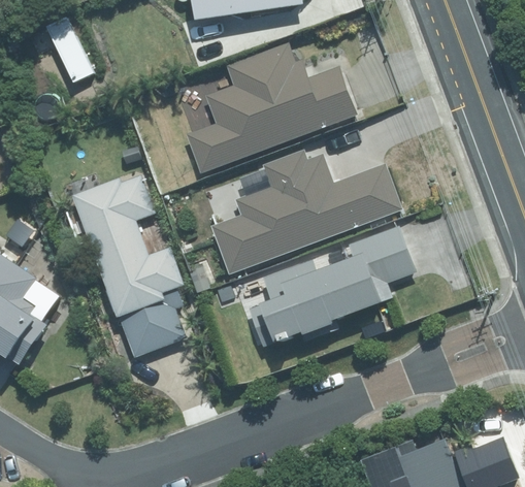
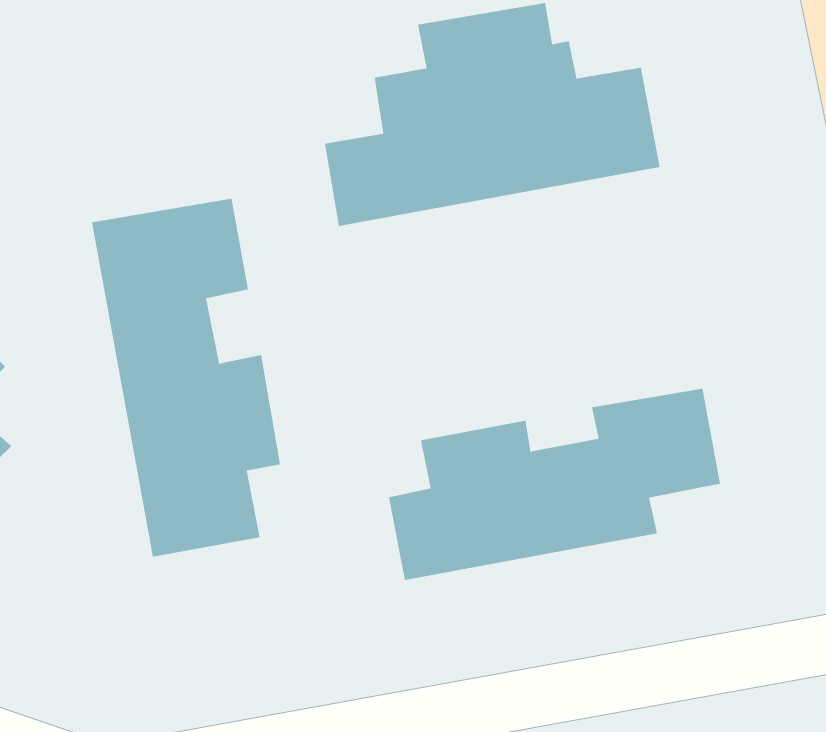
building: [209,149,401,277] -> none

